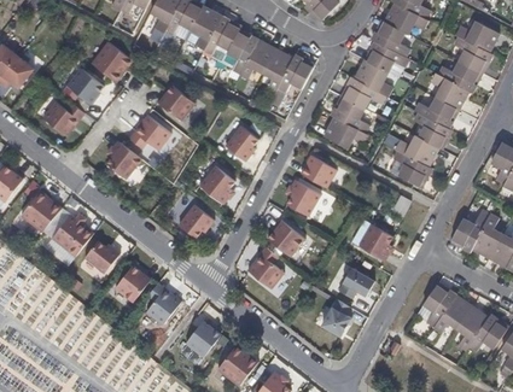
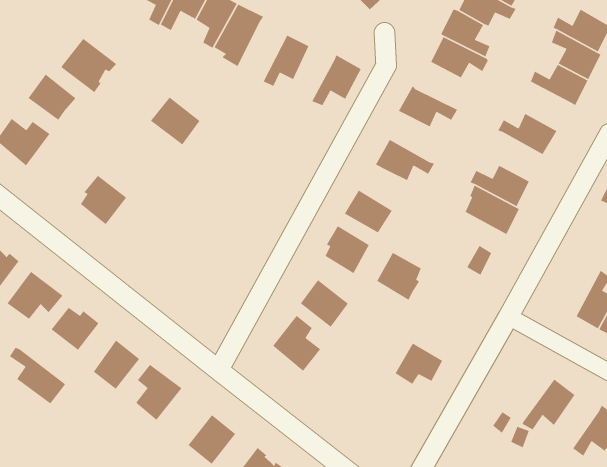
building: [222,29,258,74] -> none
building: [263,47,293,92] -> none
building: [354,59,392,96] -> none
building: [431,72,468,110] -> none
building: [331,95,369,133] -> none
building: [413,111,451,150] -> none
building: [129,115,171,150] -> none
building: [225,124,257,160] -> none
building: [199,165,234,203] -> none
building: [177,204,214,238] -> none
building: [450,209,490,251] -> none
building: [358,223,392,259] -> [376,252,422,301]
building: none -> [9,347,66,405]
building: [422,281,456,324] -> none
building: [321,299,351,335] -> none
building: [456,305,489,350] -> none

